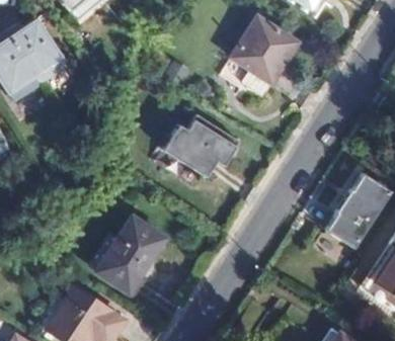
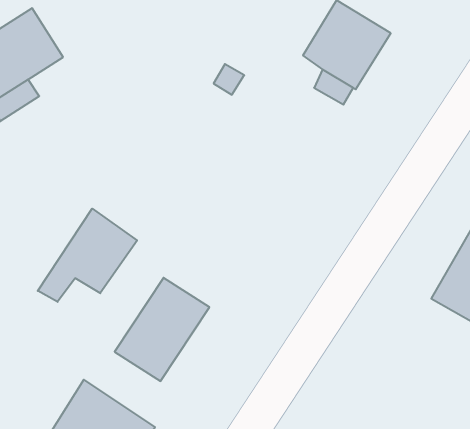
building: [173,113,232,175] -> none
building: none -> [38,209,137,302]

